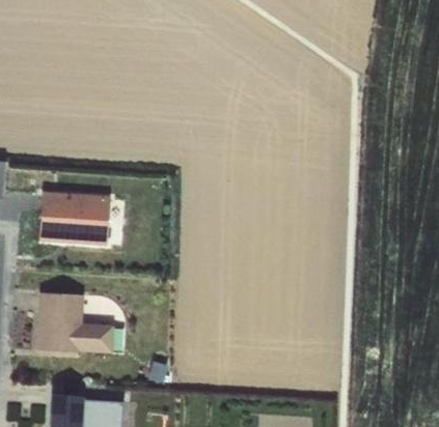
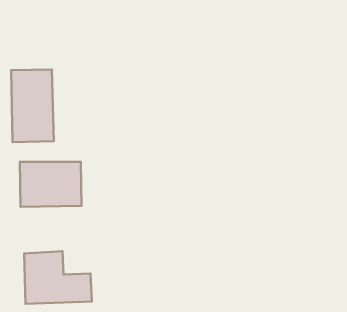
building: none -> [11,69,54,142]

